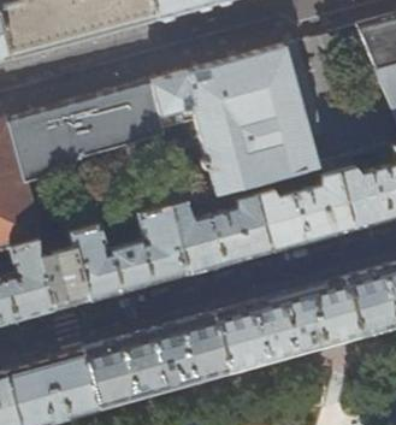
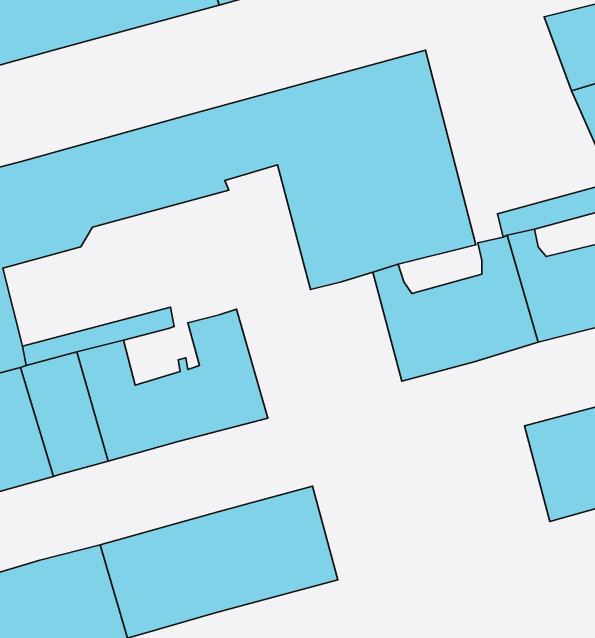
building: [167,184,270,275] -> none
building: [214,279,361,374] -> none

